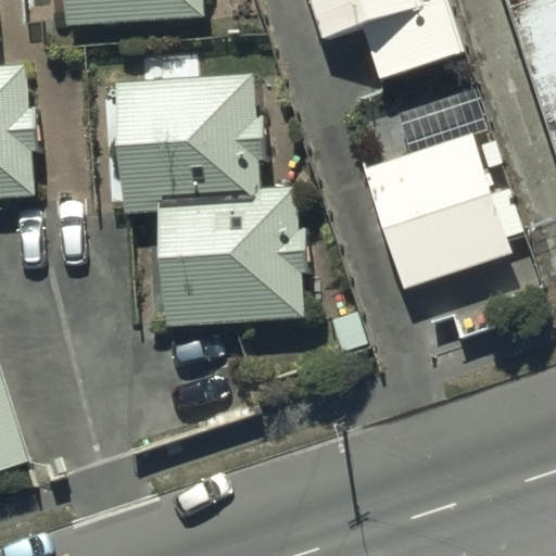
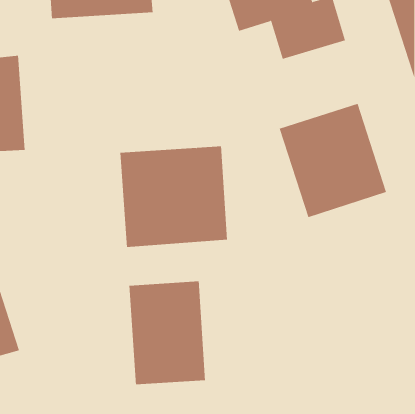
building: [117,73,258,203] -> none
building: none -> [129,281,206,385]

